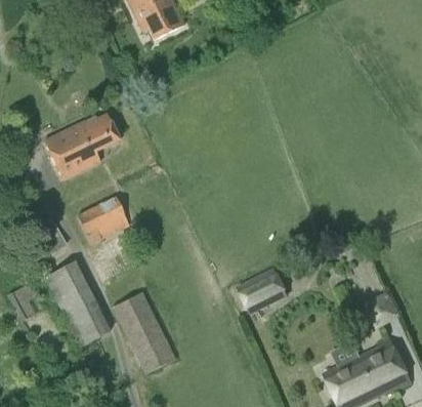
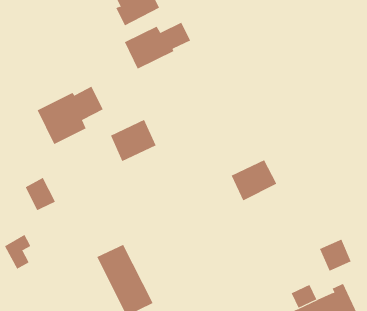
building: none -> [124,22,191,69]
building: [77,196,129,244] -> [110,119,156,162]
building: [43,260,111,347] -> none
building: [237,267,289,314] -> [231,159,277,201]

